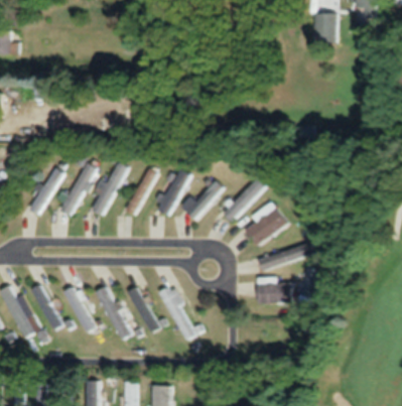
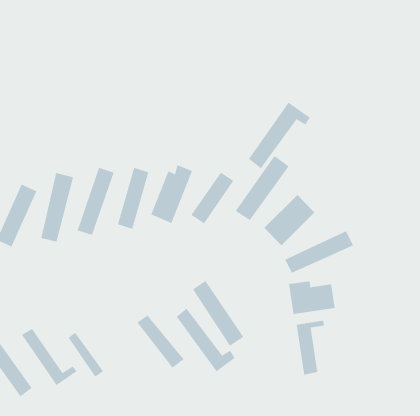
building: none -> [248,102,310,169]
building: [98,286,134,343] -> [192,280,244,347]
building: none -> [296,320,324,375]

